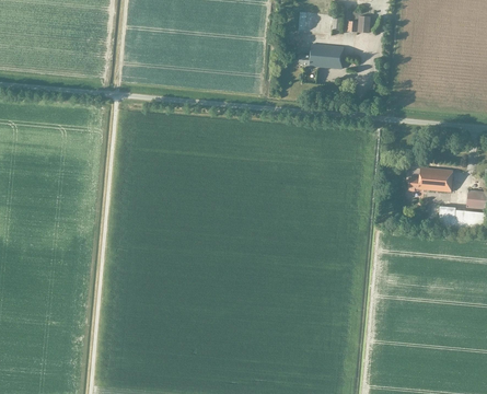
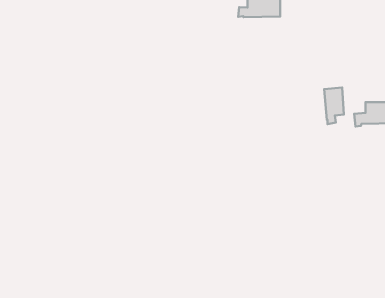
building: none -> [324,87,344,124]

